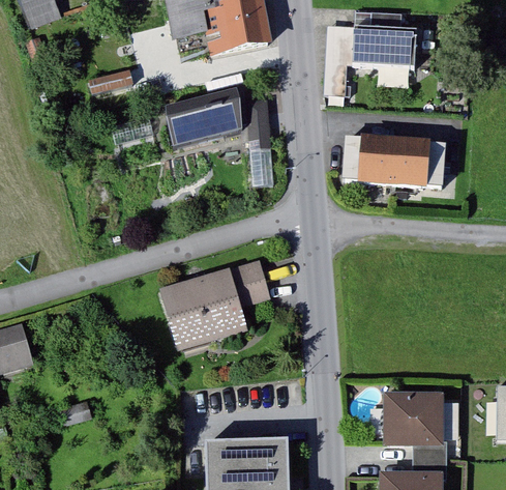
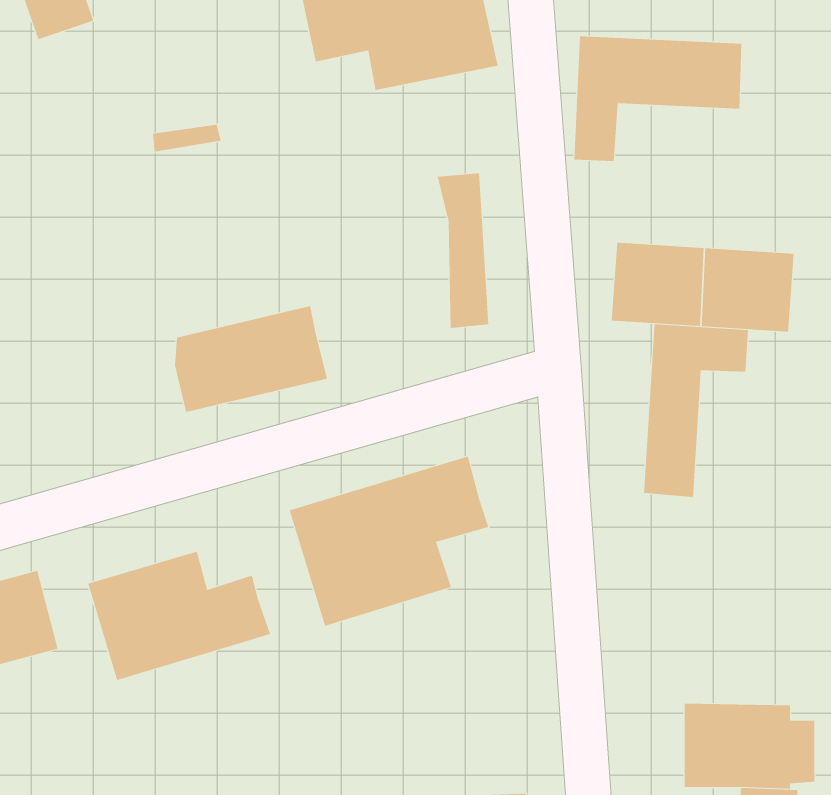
building: [166,87,250,146] -> [174,306,328,412]
building: none -> [643,324,748,498]
building: none -> [88,551,271,681]

